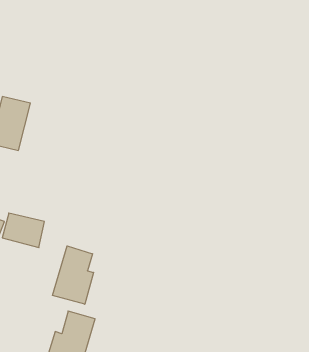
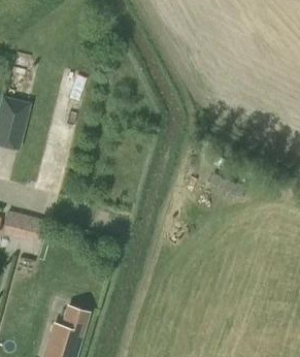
building: [52,246,94,304] -> none

